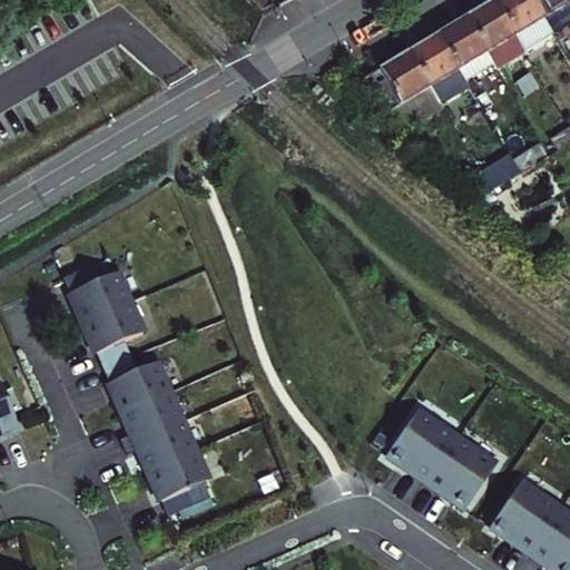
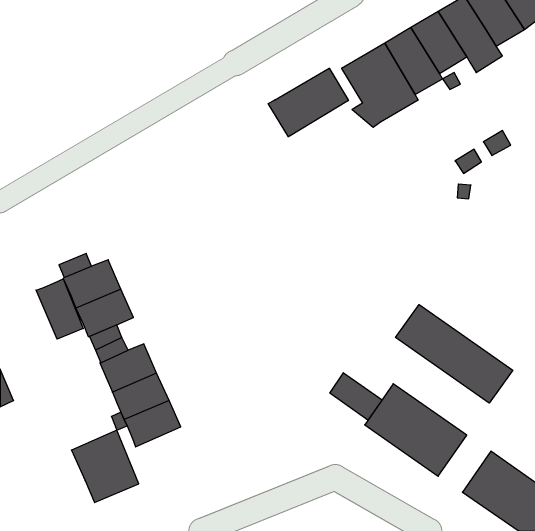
building: none -> [268,68,348,137]
building: none -> [36,279,83,339]
building: none -> [396,305,513,403]
building: none -> [330,373,382,420]
building: [146,452,217,529] -> [71,430,139,503]

